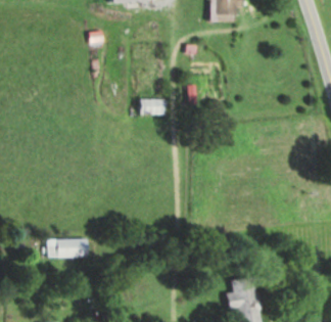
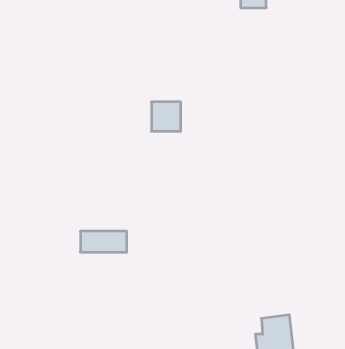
building: [47,238,86,256] -> [80,231,127,252]

